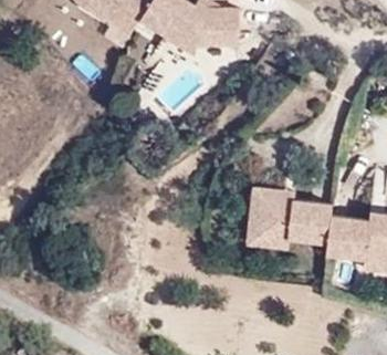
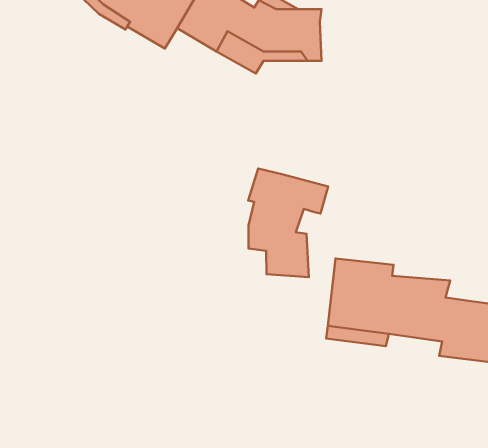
building: none -> [248,168,328,277]

